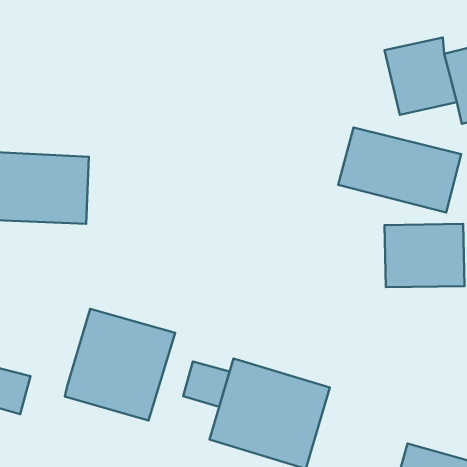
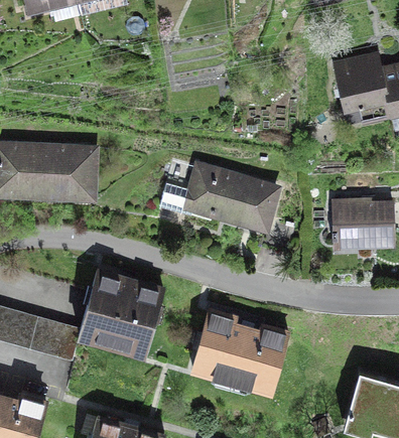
building: [338,128,461,213] -> [182,164,280,232]
building: [183,361,229,407] -> none
building: none -> [43,322,81,359]

